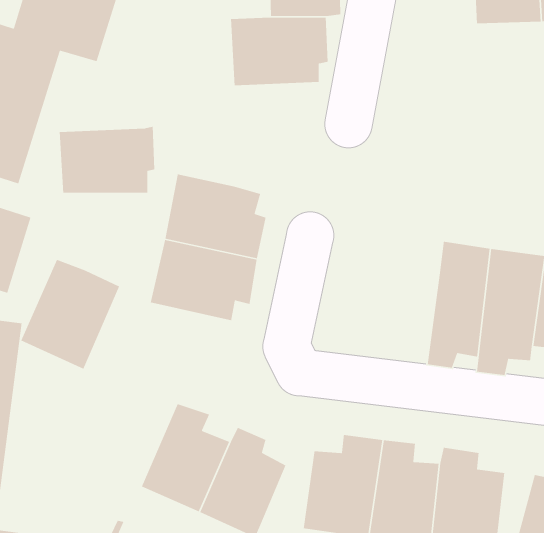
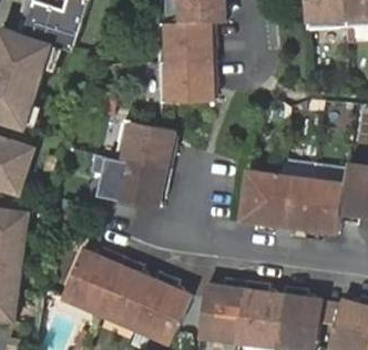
building: [59,126,155,193] -> [156,64,215,105]
building: [20,259,120,370] -> [61,244,122,311]
building: none -> [241,174,282,237]

